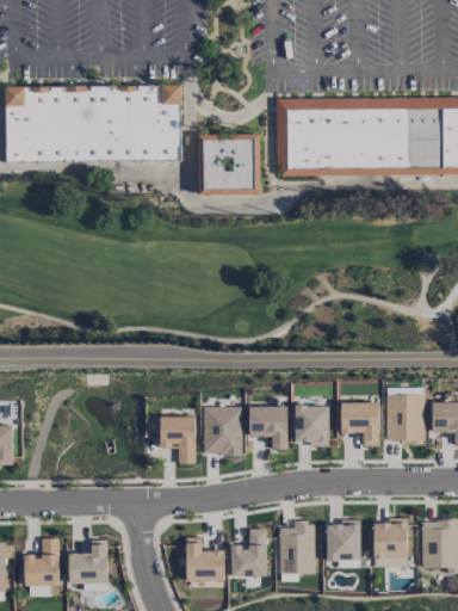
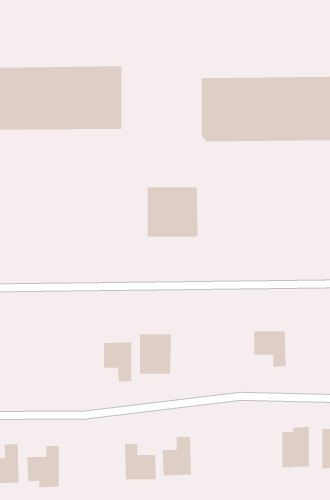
building: [199,135,261,196] -> [147,187,199,237]
building: [385,387,425,443] -> none
building: [293,405,329,446] -> none
building: [248,406,287,449] -> none
building: [326,519,360,567] -> none
building: [279,521,314,573] -> none

